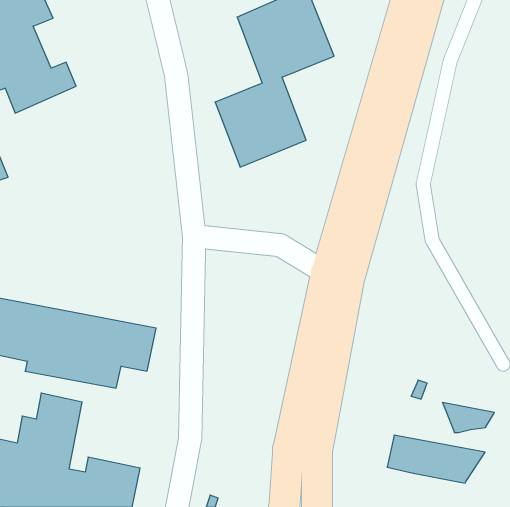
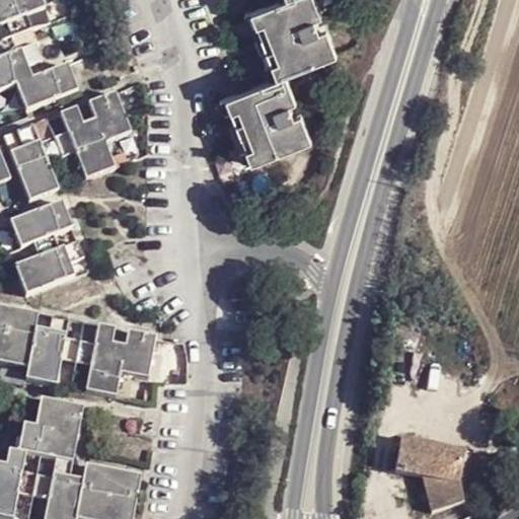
building: none -> [4,91,129,201]
building: none -> [7,201,83,296]
building: [442,403,494,433] -> [419,479,471,510]

